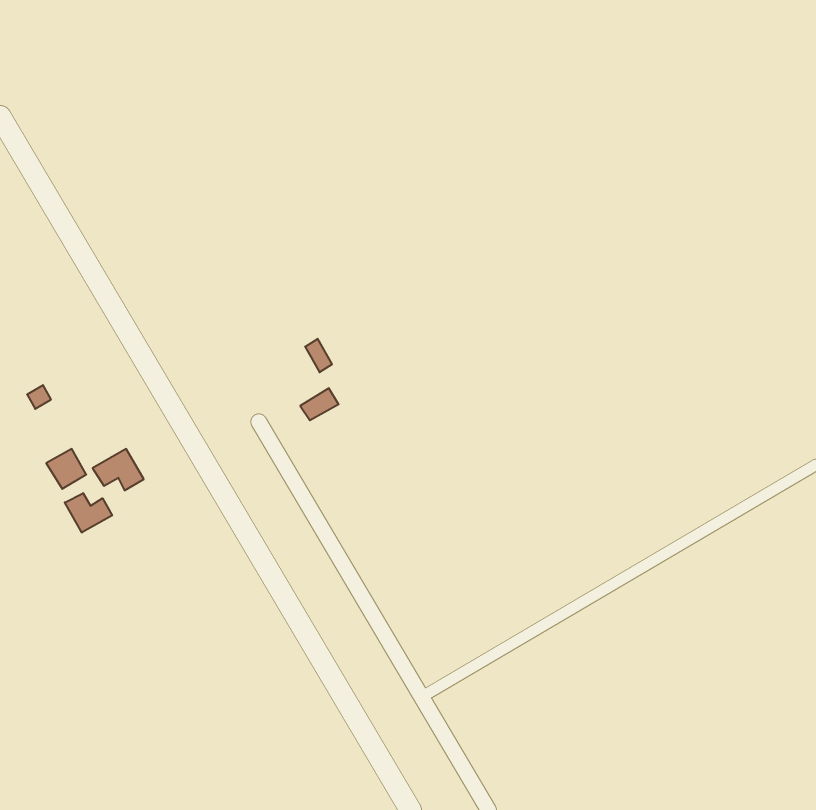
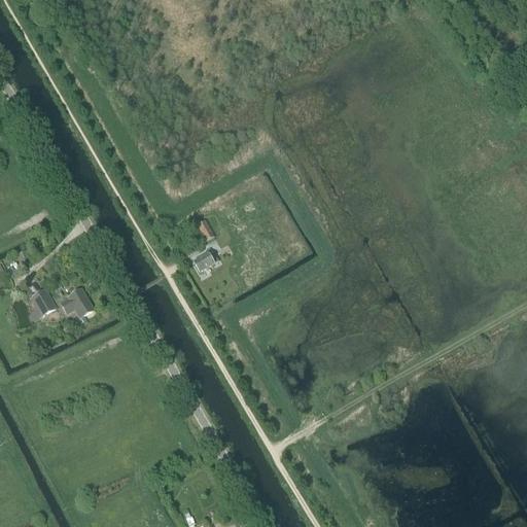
building: [65,493,112,533] -> none

